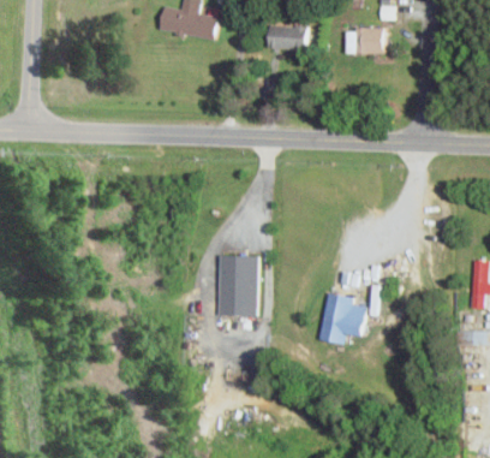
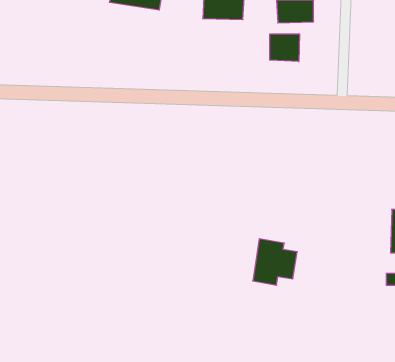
building: none -> [270,34,300,62]
building: [217,256,258,317] -> none

